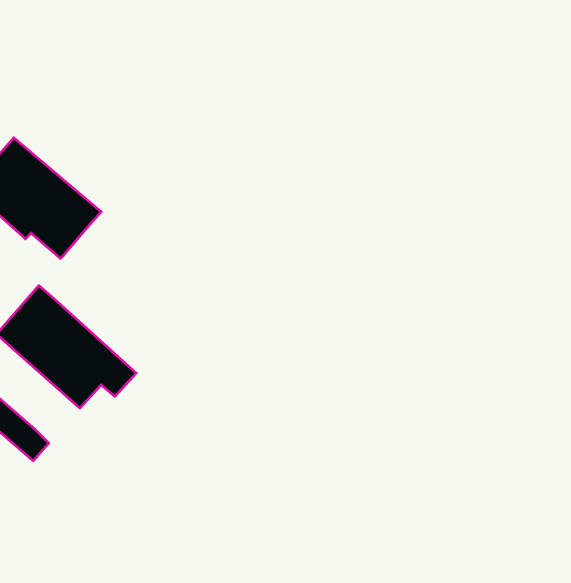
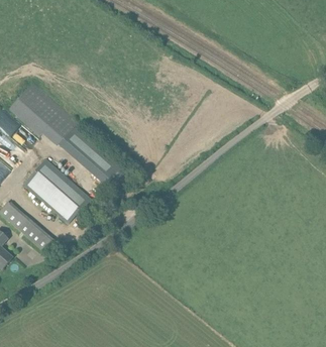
building: none -> [59,128,118,183]

